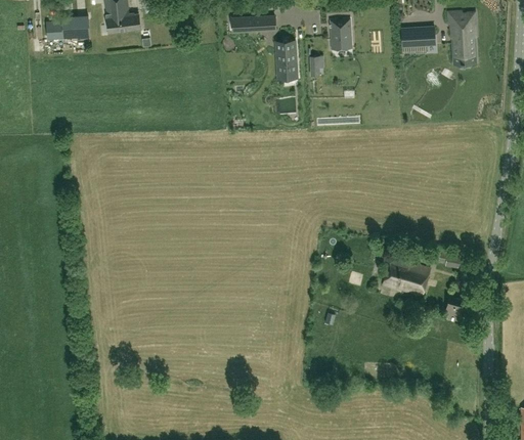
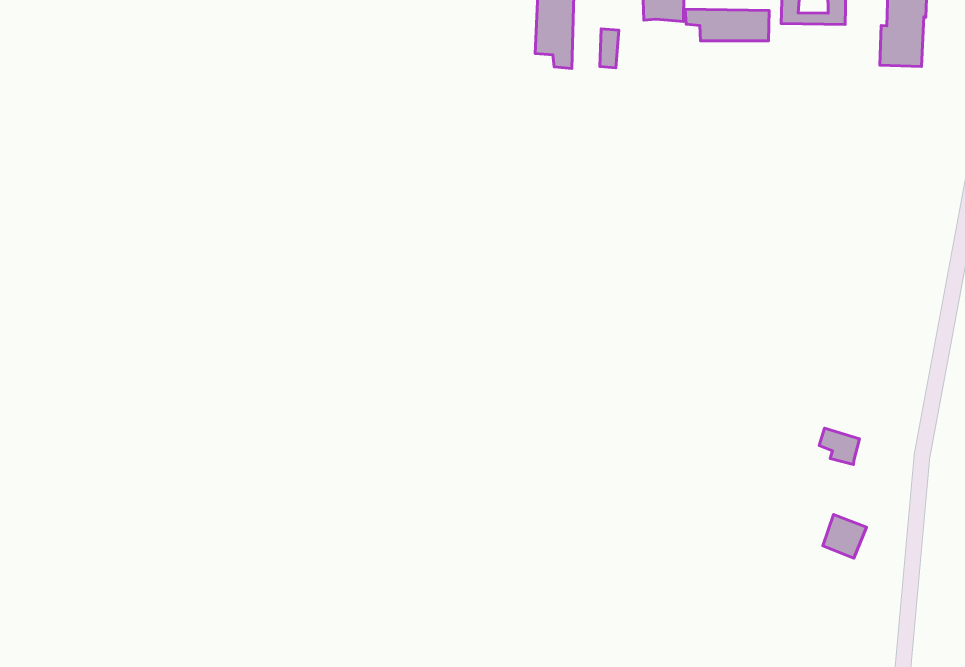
building: none -> [685,9,769,41]
building: [382,259,429,297] -> none

